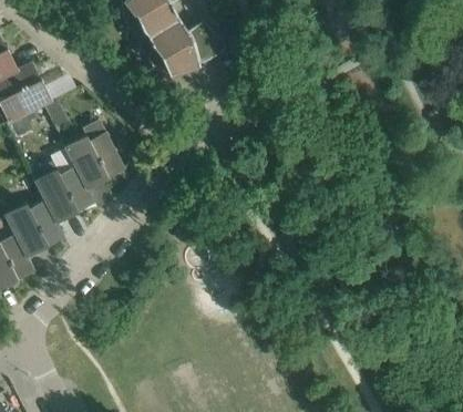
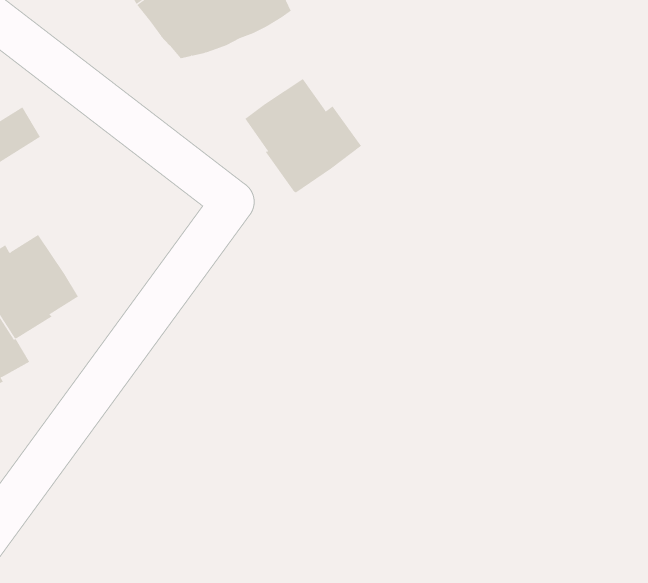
building: none -> [244,78,362,193]
building: [64,121,125,189] -> none

